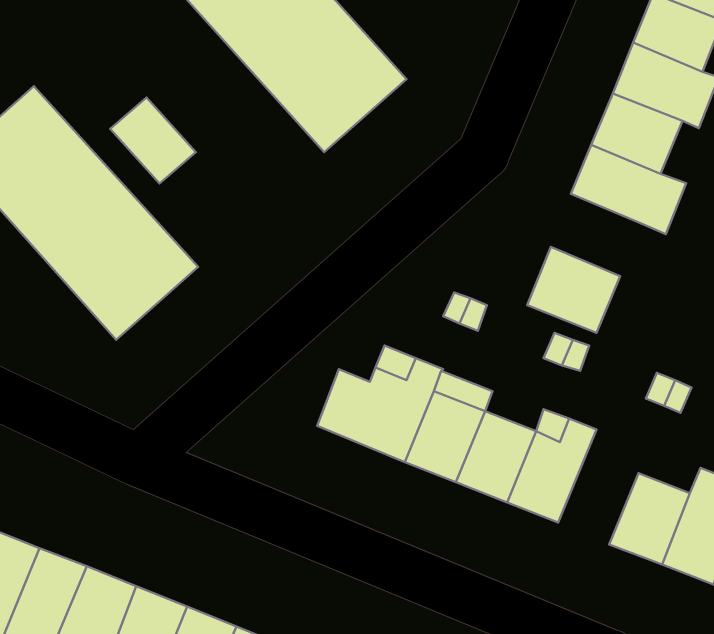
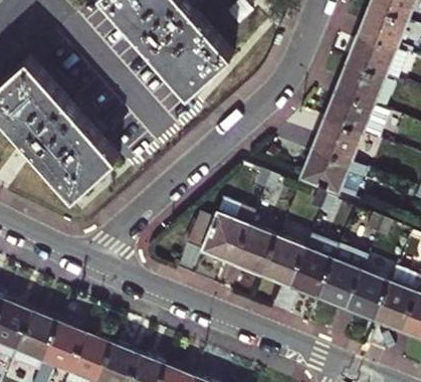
building: [110,97,196,184] -> none
building: none -> [312,118,362,163]
building: none -> [317,247,366,311]

